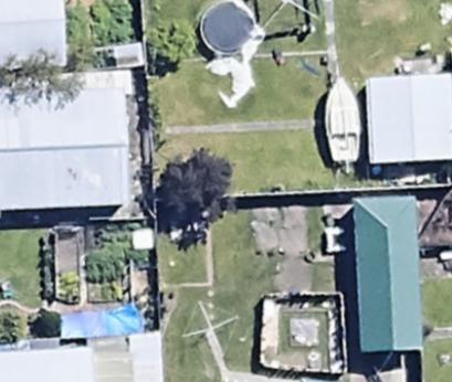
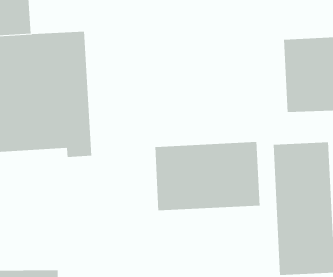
building: none -> [155,141,260,211]

